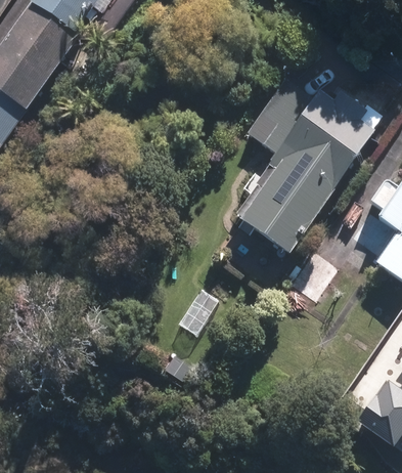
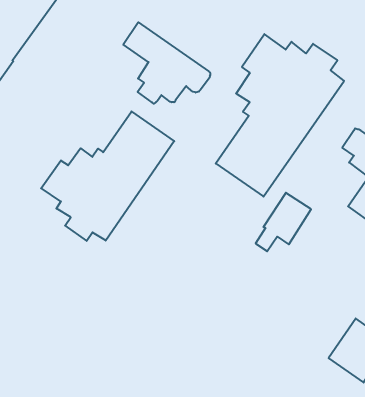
building: none -> [123,22,210,104]
building: none -> [41,111,174,241]

